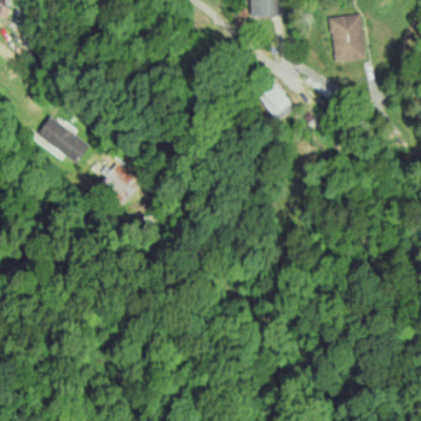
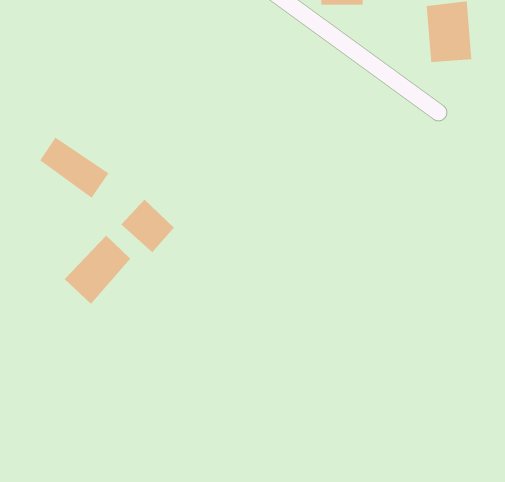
building: [256,81,289,115] -> none
building: none -> [64,235,131,305]

